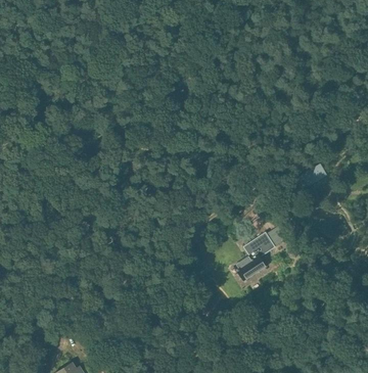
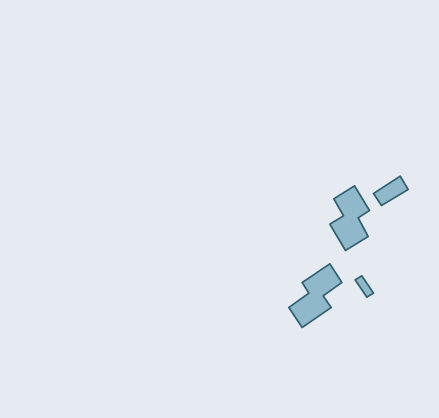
building: none -> [330,186,370,250]

